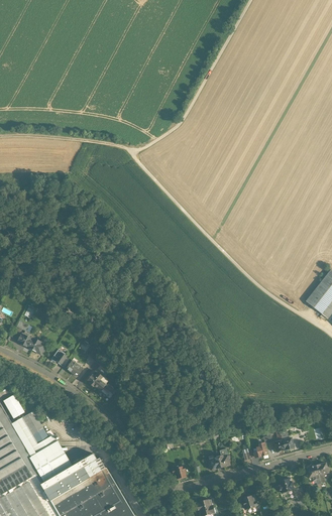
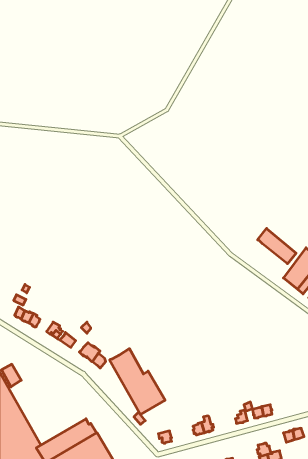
building: none -> [258,228,296,264]
building: [11,410,71,481] -> [110,349,165,414]

